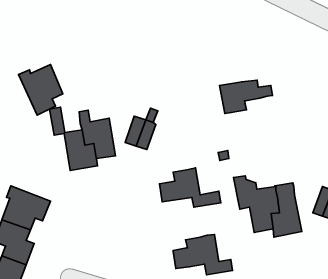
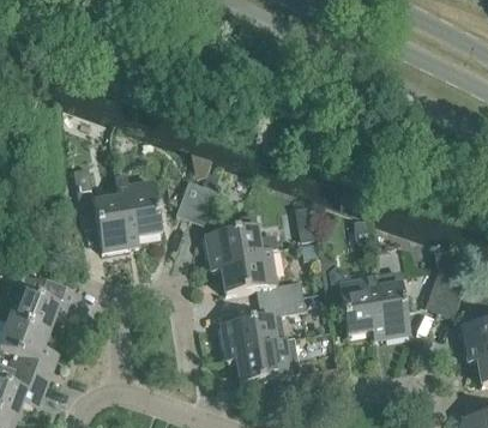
building: [19,65,63,115] -> none
building: [219,80,273,113] -> [205,227,276,271]
building: none -> [222,295,305,361]

